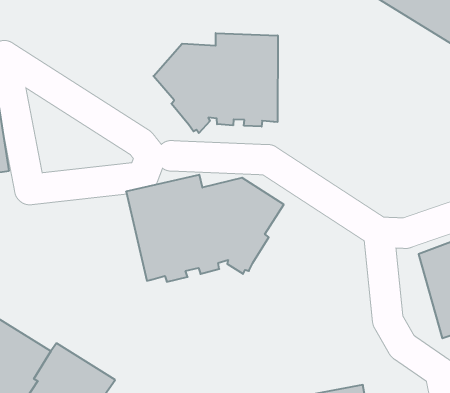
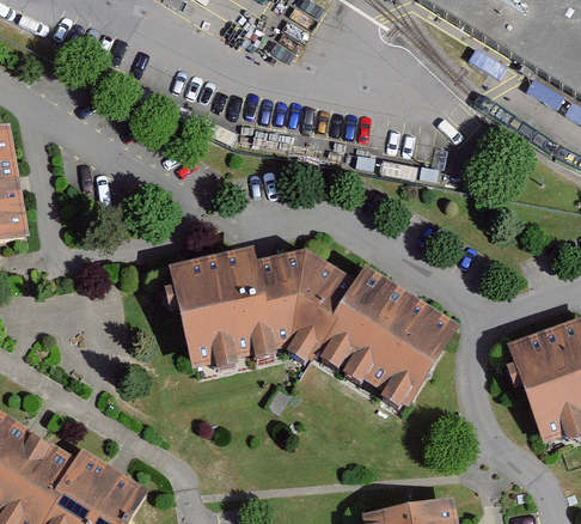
building: [153,33,278,133] -> none
building: none -> [319,264,461,408]

